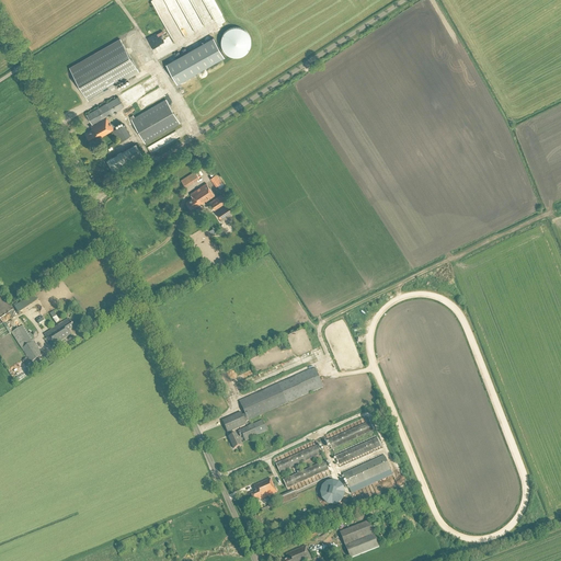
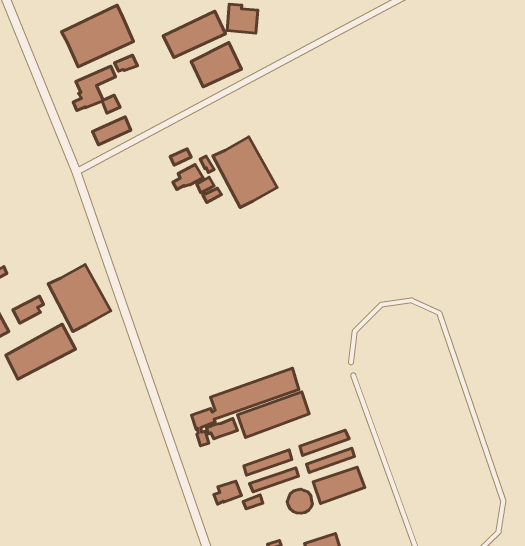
building: [130,98,179,141] -> [191,43,242,87]
building: none -> [213,137,277,208]
building: none -> [48,264,111,331]
building: none -> [6,324,75,379]
building: none -> [237,392,309,437]

